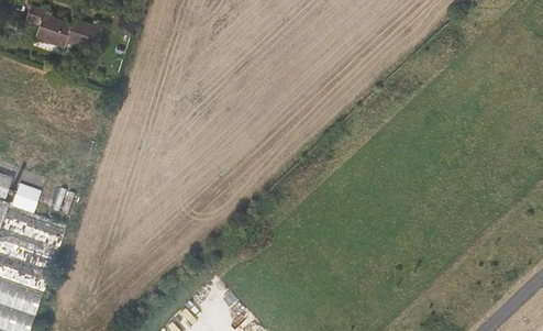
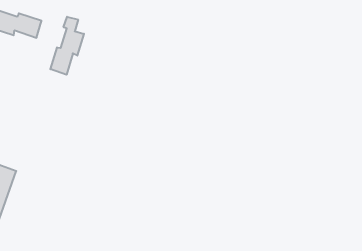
building: none -> [50,17,84,75]

